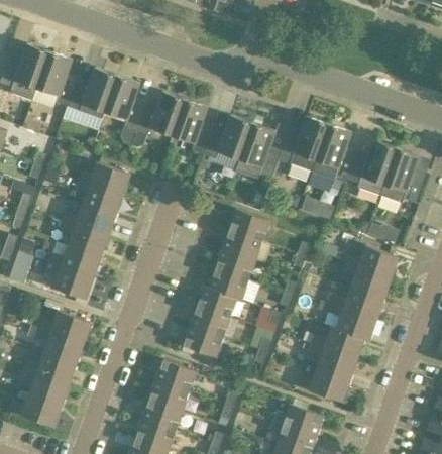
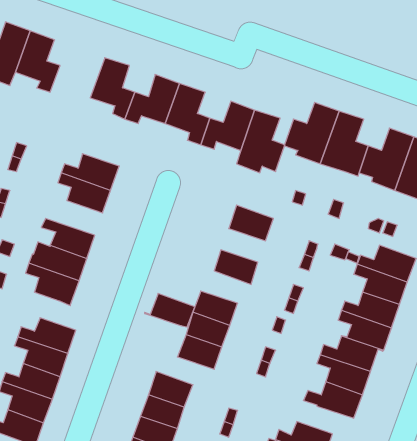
building: [68,68,117,119] -> none
building: [64,205,115,236] -> none
building: [222,230,262,260] -> none
building: [204,268,249,299] -> [145,293,195,327]

